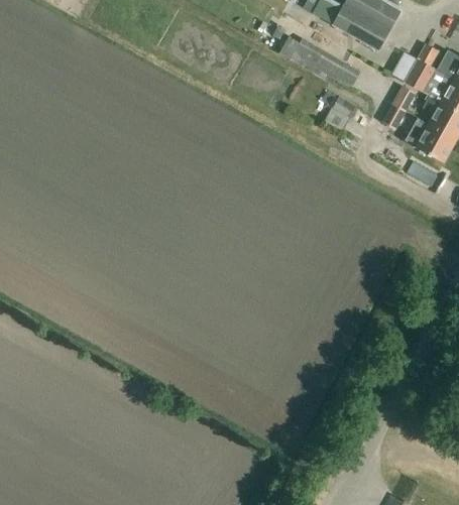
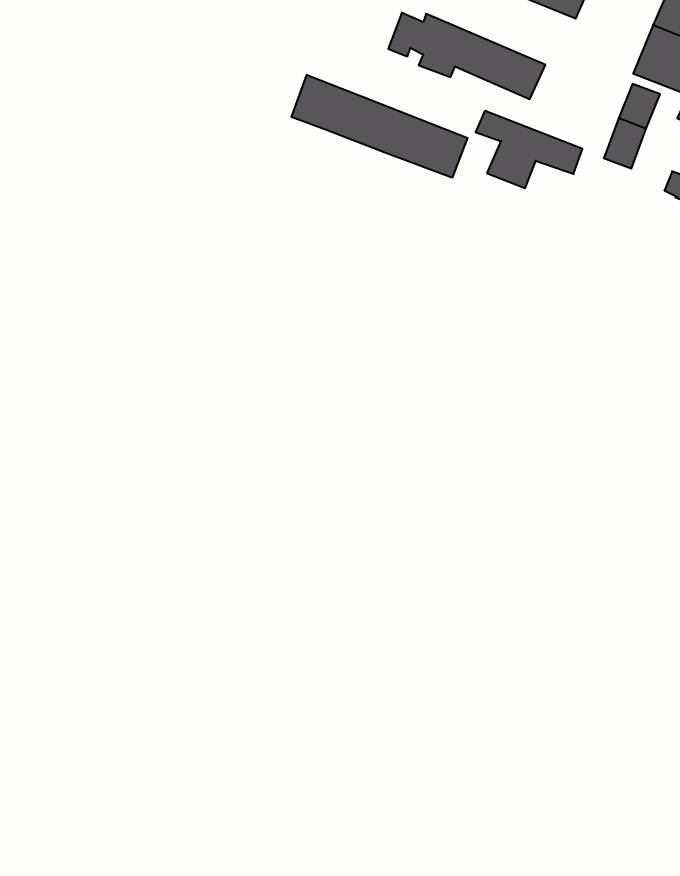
building: none -> [291,75,468,178]

